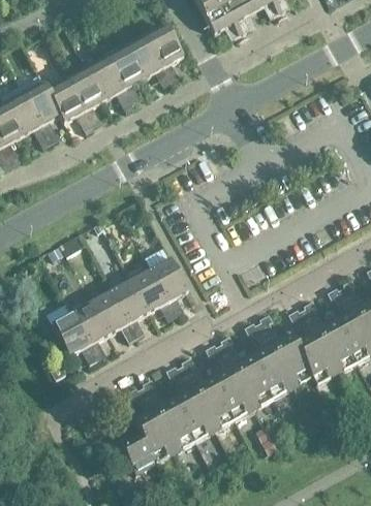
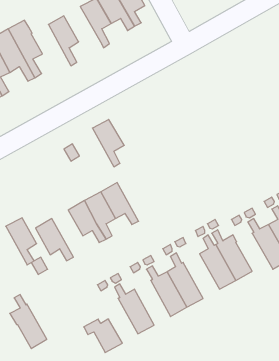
building: [87,57,134,110] -> none
building: [48,78,95,132] -> none
building: [151,258,189,315] -> [92,119,124,167]
building: [72,302,110,358] -> [6,218,37,265]
building: [293,318,338,384] -> none
building: [225,347,274,408] -> none
building: [172,375,215,440] -> none
building: [131,397,176,462] -> [10,295,47,349]

